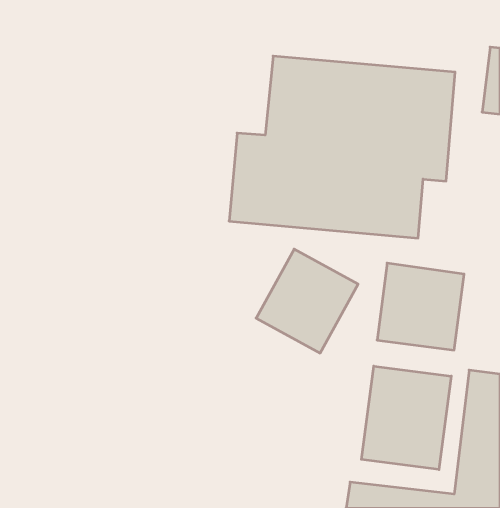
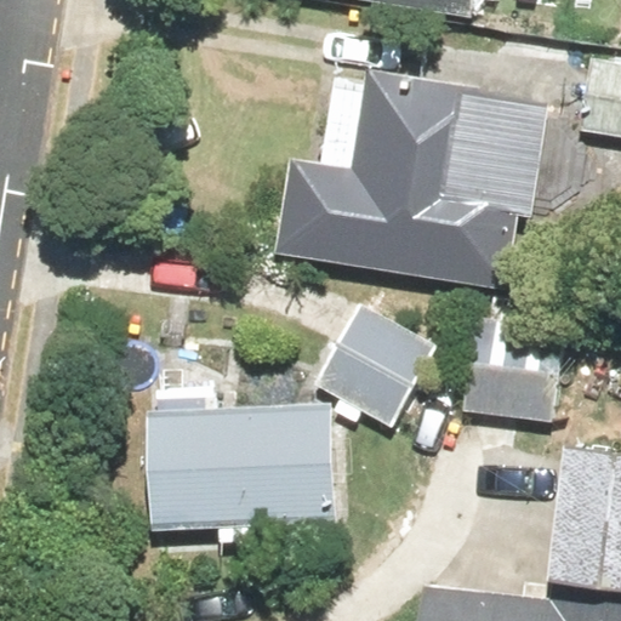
building: none -> [144,389,334,545]
building: [361,366,451,470] -> none

